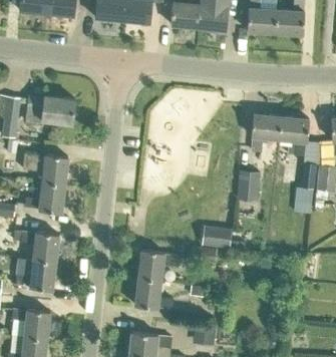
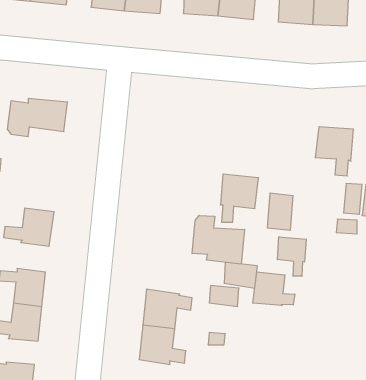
building: [250,113,281,152] -> [220,174,259,222]
building: [29,153,68,186] -> none
building: none -> [192,215,245,264]
building: none -> [277,237,306,276]
building: none -> [253,272,295,306]

